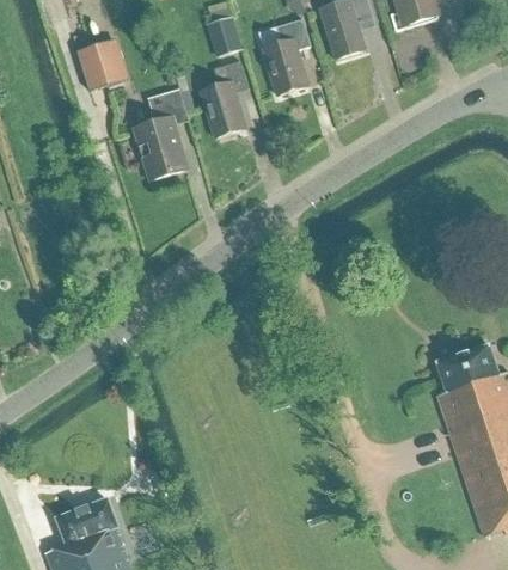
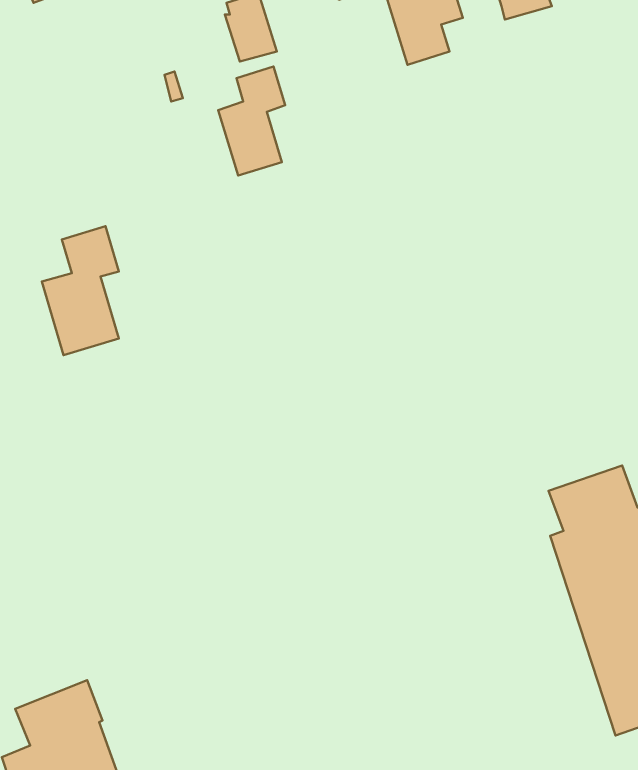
building: [263,18,310,94] -> none
building: [75,38,128,91] -> none
building: [133,88,188,180] -> [42,226,119,355]

